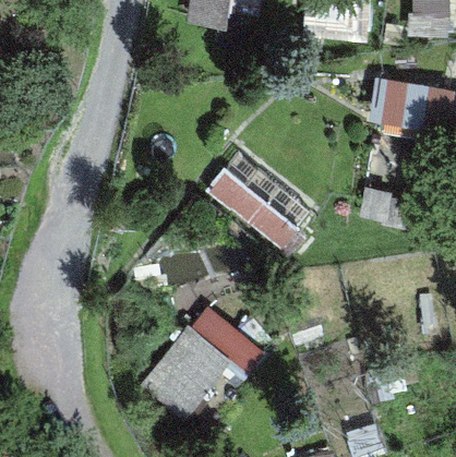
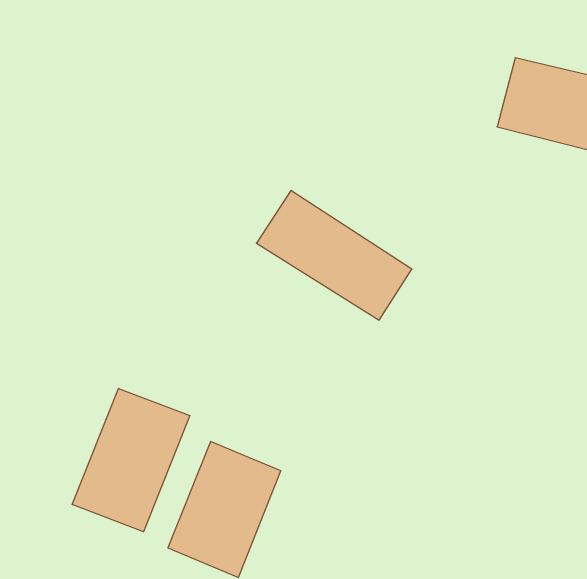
building: none -> [72,388,190,532]

